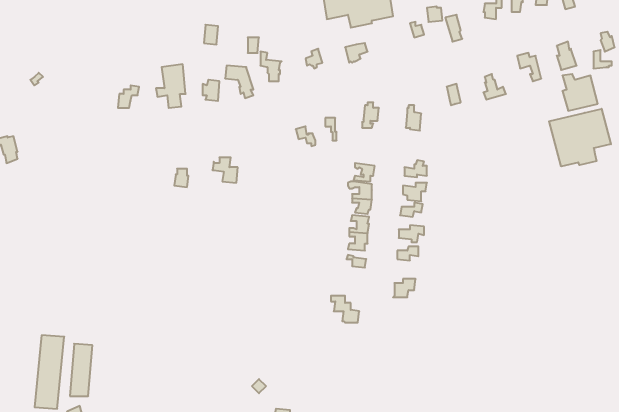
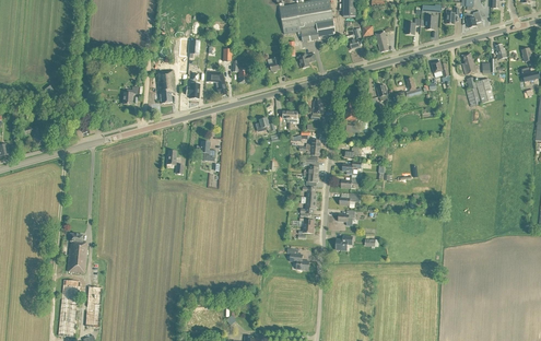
building: [549,109,611,166] -> none
building: none -> [67,233,86,272]

